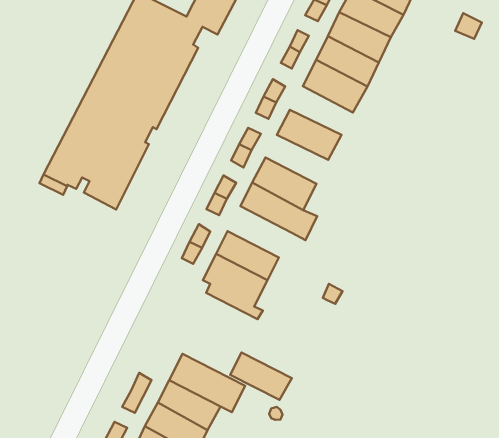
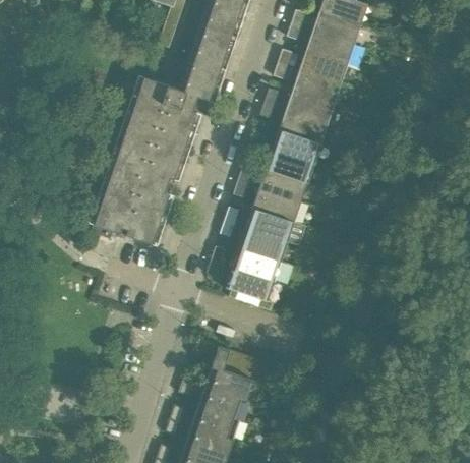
building: none -> [272,129,319,162]
building: none -> [258,169,306,201]
building: none -> [238,227,287,262]
building: [230,352,292,400] -> none

